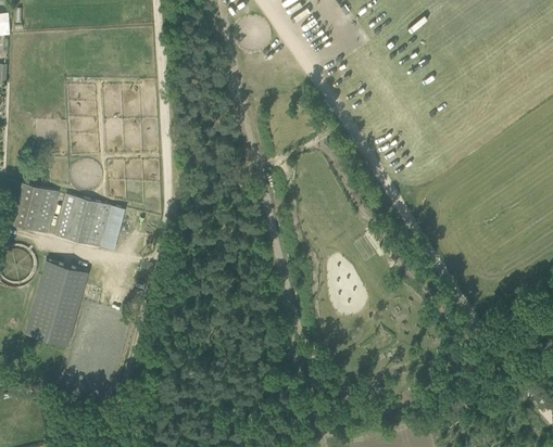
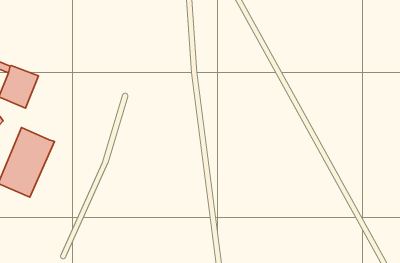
building: [58,195,114,248] -> none

